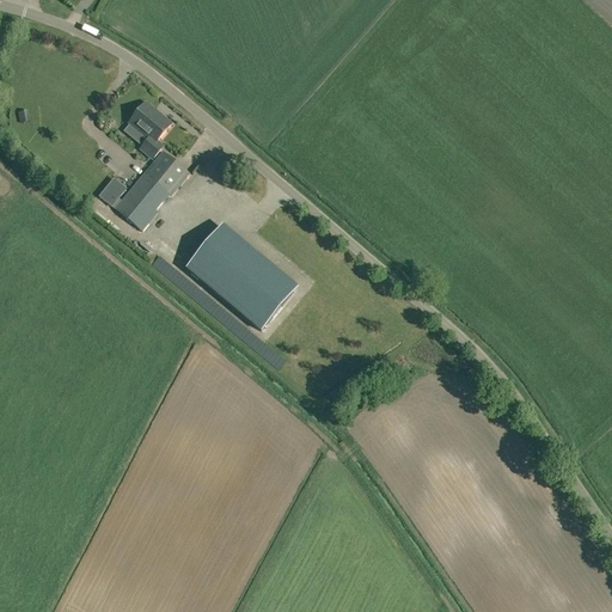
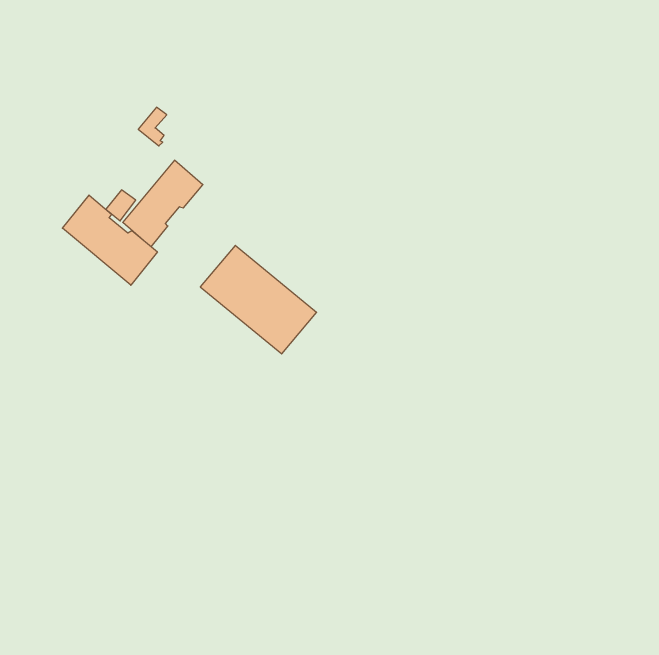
building: [139,106,171,155] -> none
building: none -> [62,195,157,285]

